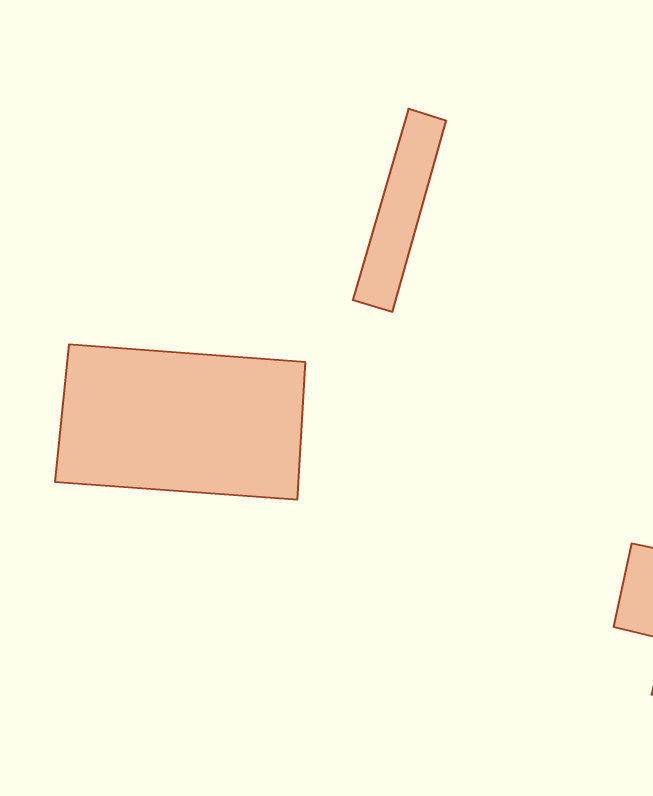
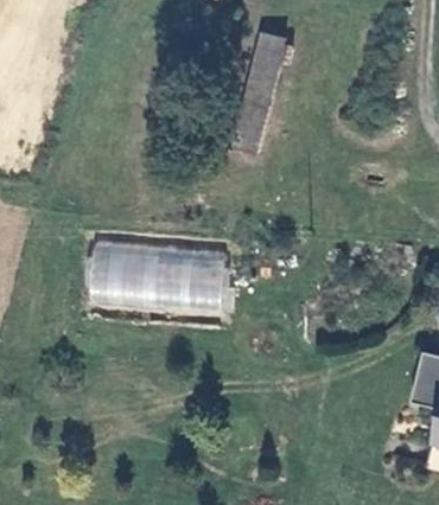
building: [353,109,446,312] -> [229,33,285,154]

